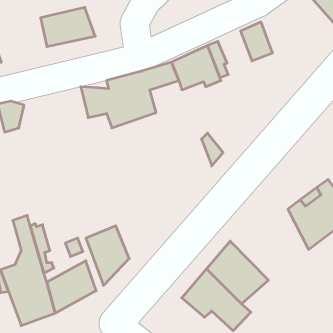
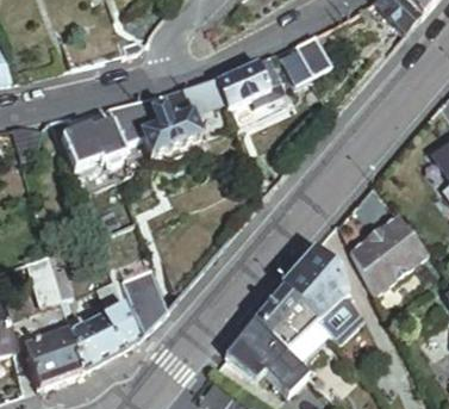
building: none -> [50,107,121,166]
building: none -> [283,250,361,336]

